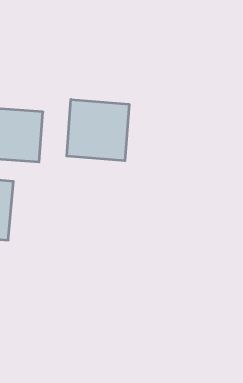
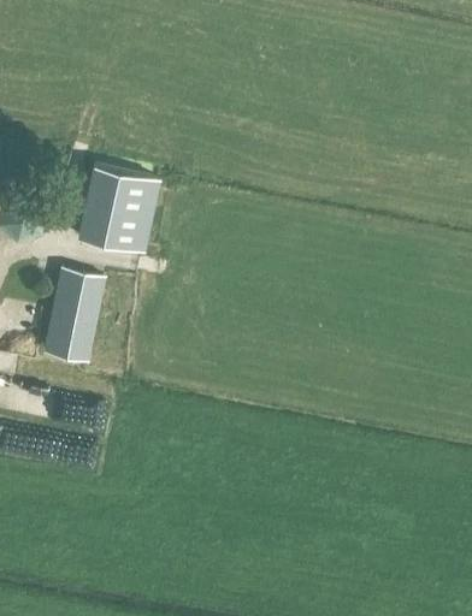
building: [67,99,129,161] -> none

